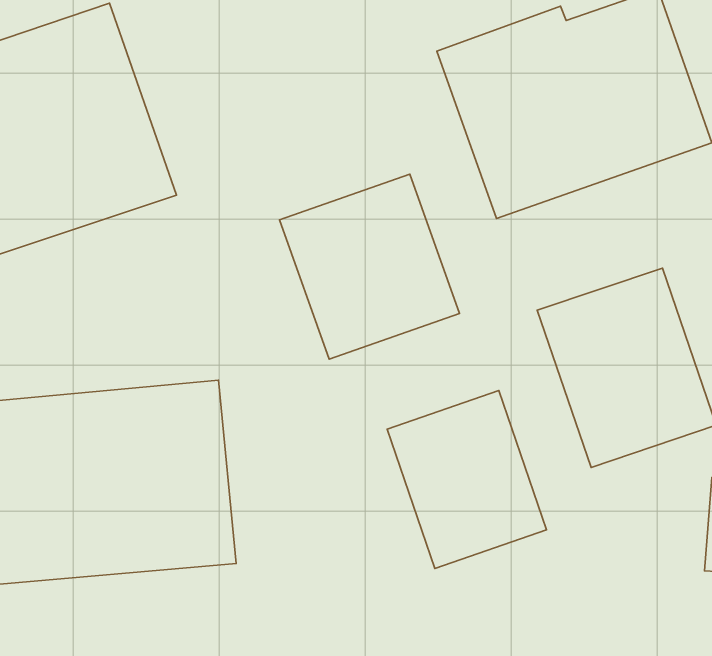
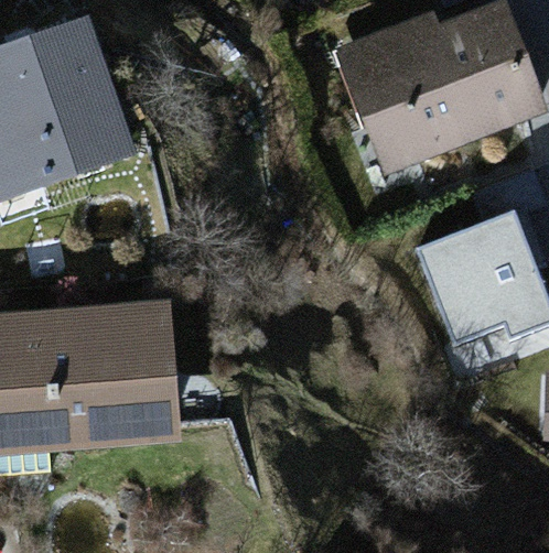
building: [280,174,459,359] -> none
building: [387,390,547,569] -> none

